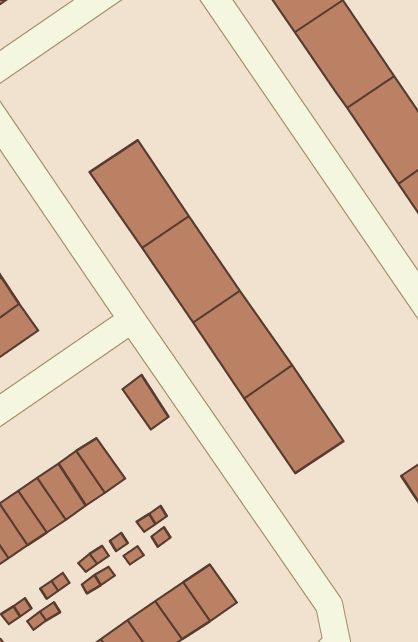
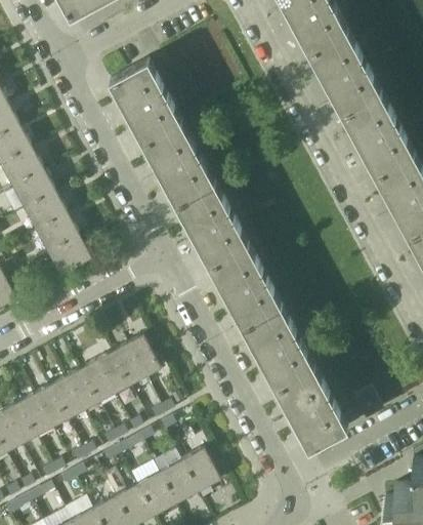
building: none -> [108,60,179,143]
building: [122,375,169,429] -> [125,335,158,377]
building: none -> [272,366,345,449]

